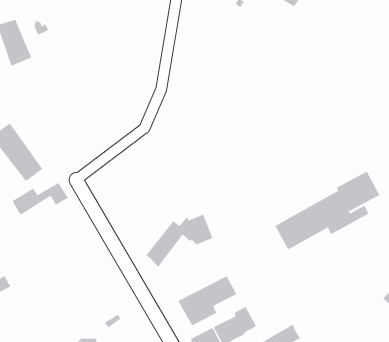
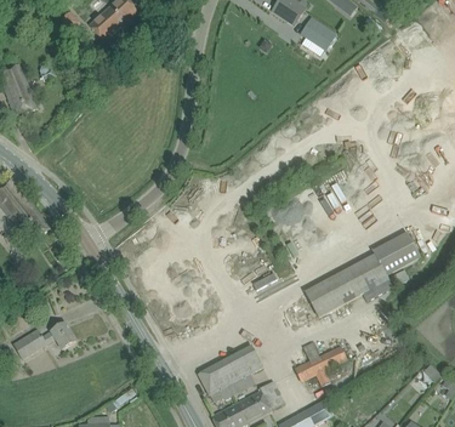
building: [11,182,69,215] -> [12,321,75,358]
building: [146,214,213,267] -> none
building: none -> [292,341,346,385]

